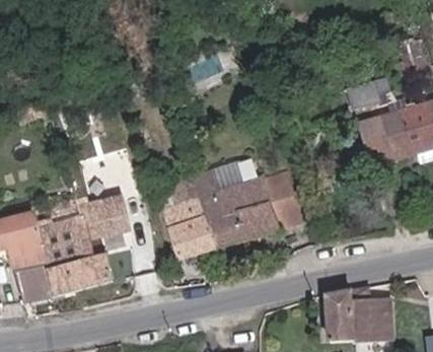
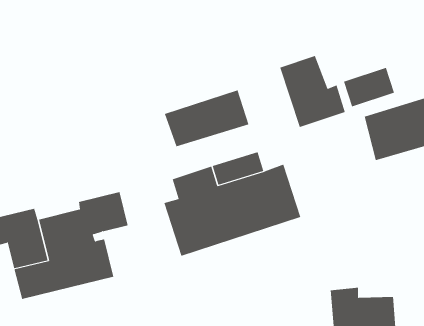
building: none -> [279,55,345,128]
building: none -> [164,89,249,147]

